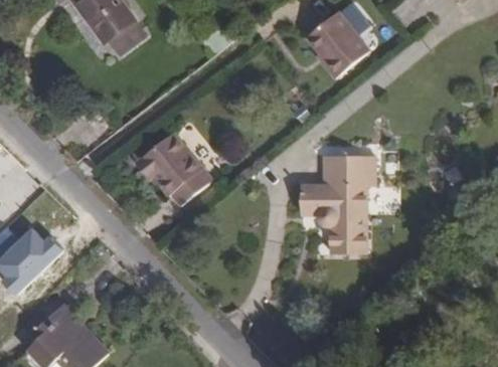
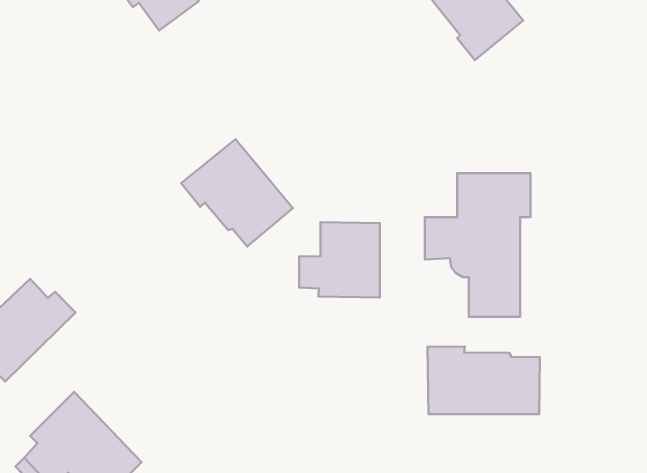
building: none -> [299,222,380,297]
building: none -> [428,347,540,414]

